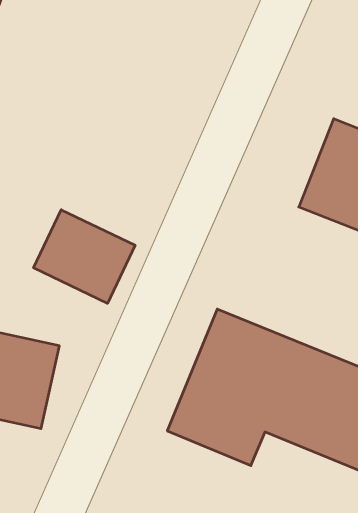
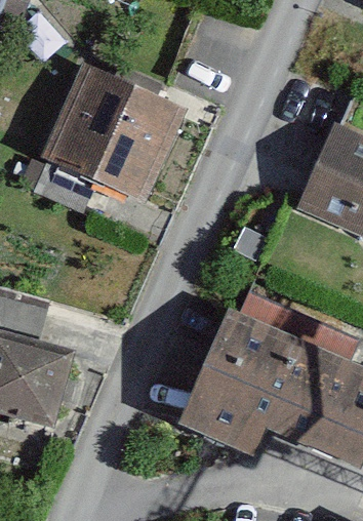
building: none -> [36,59,190,205]
building: [34,210,135,303] -> none

